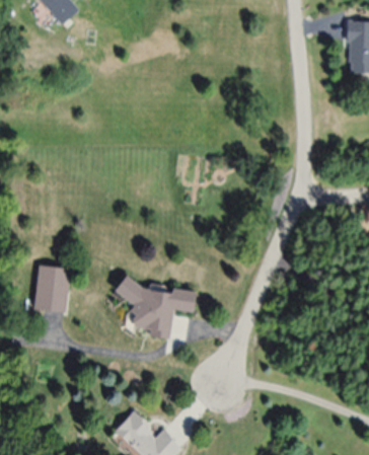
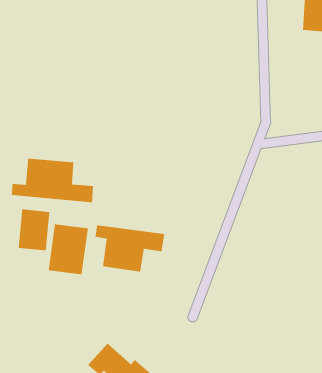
building: none -> [11,158,94,203]
building: none -> [48,223,89,275]

